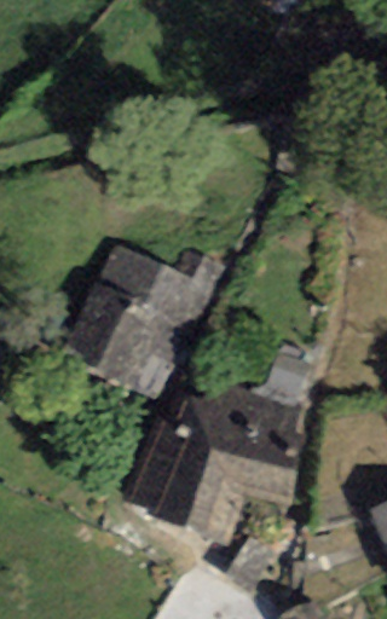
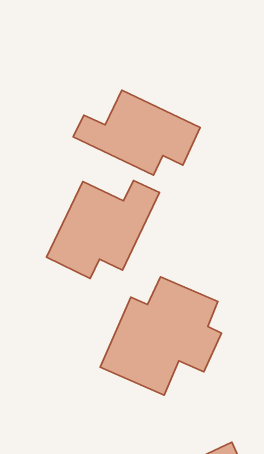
building: none -> [73,90,200,175]

